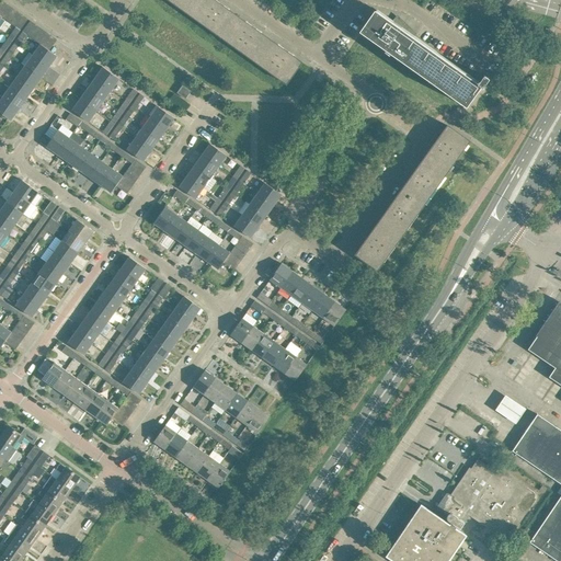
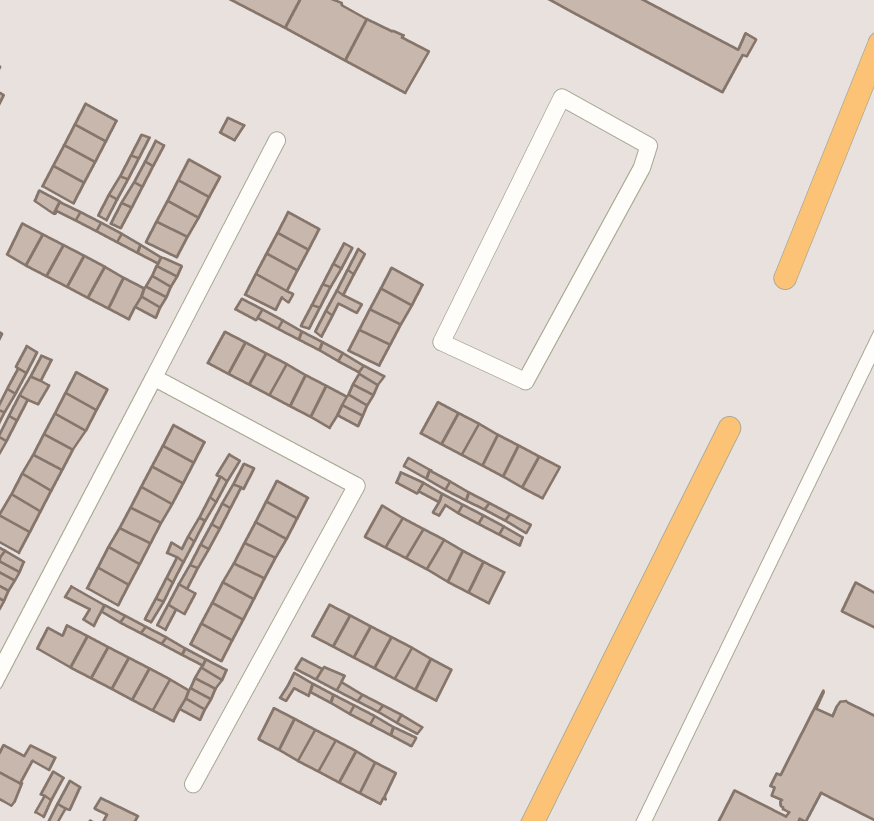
building: [355,126,469,271] -> none

